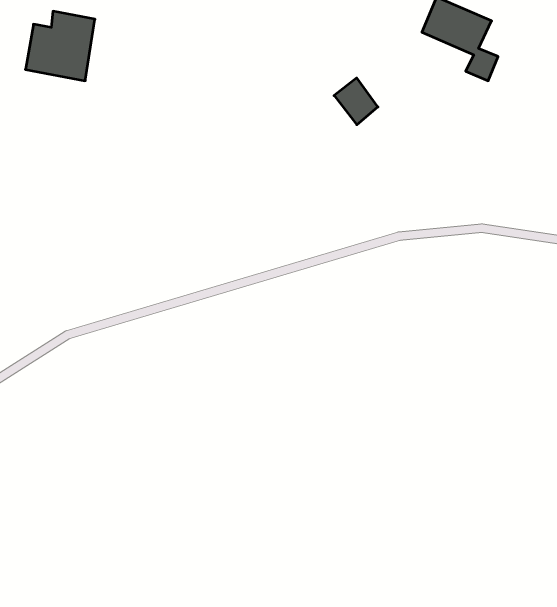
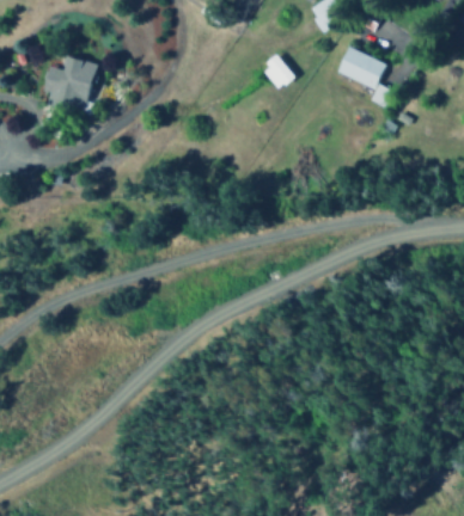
building: [334,78,378,125] -> [262,55,294,90]

